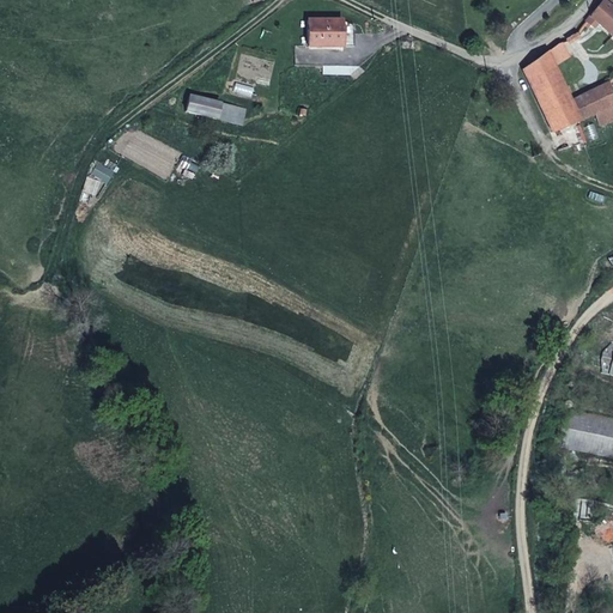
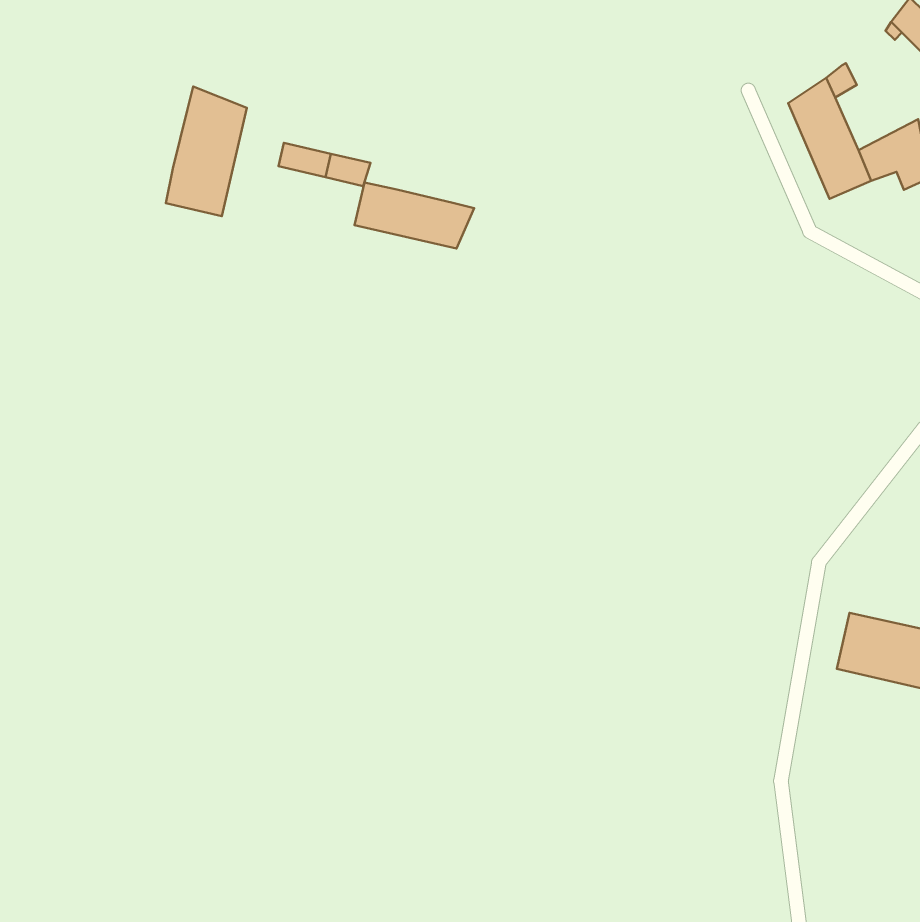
building: [309,19,344,45] -> none
building: none -> [166,87,247,216]
building: none -> [355,182,474,249]

